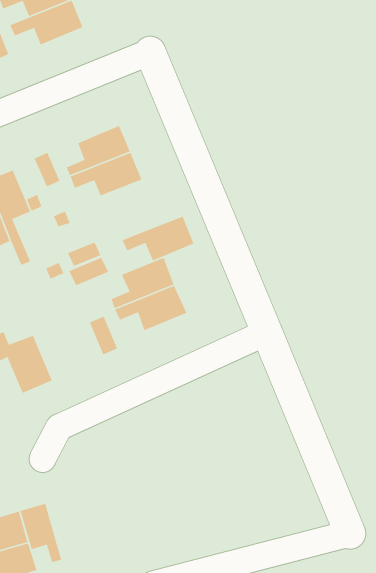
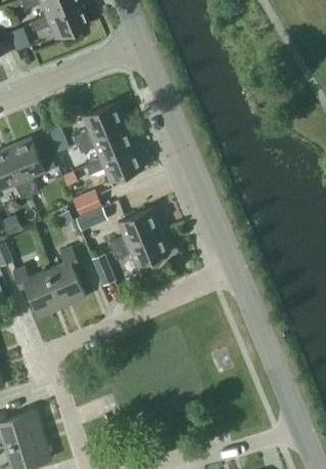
building: [122,216,195,262] -> [86,146,144,183]
building: none -> [48,247,86,307]
building: [20,503,62,563] -> none

